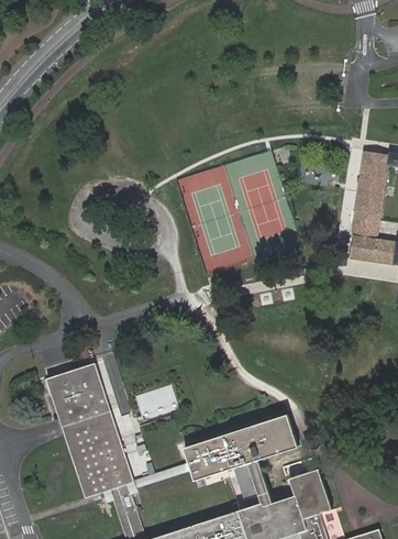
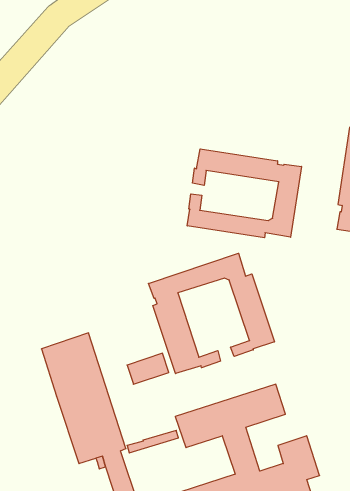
building: none -> [187,149,301,238]
building: none -> [148,253,274,374]

